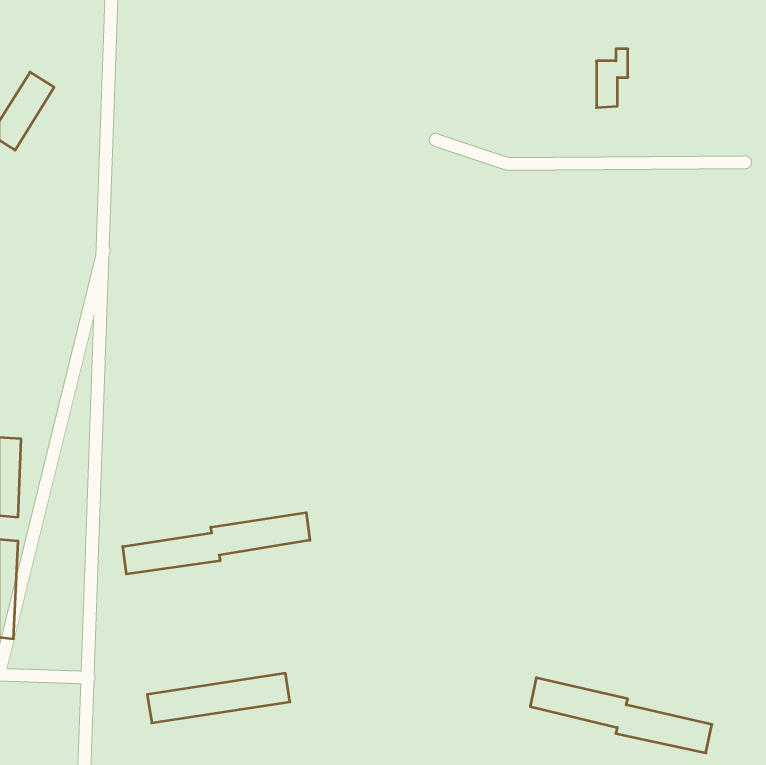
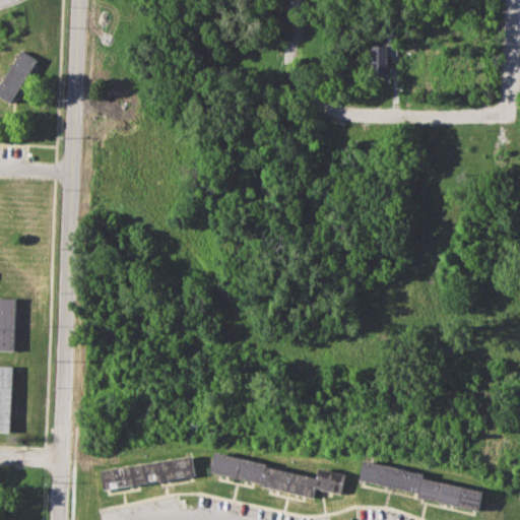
building: [596,49,628,108] -> [373,38,394,77]
building: [123,513,310,574] -> none
building: none -> [209,453,344,499]

